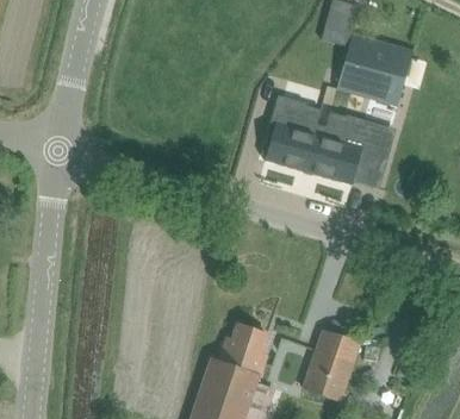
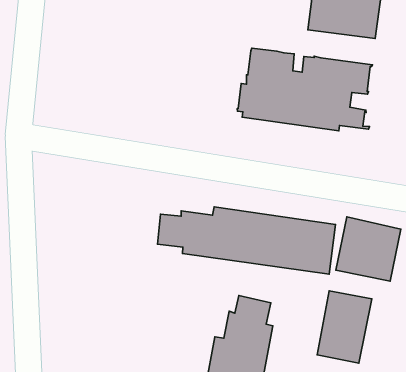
building: none -> [158,207,336,274]
building: none -> [336,217,401,281]

